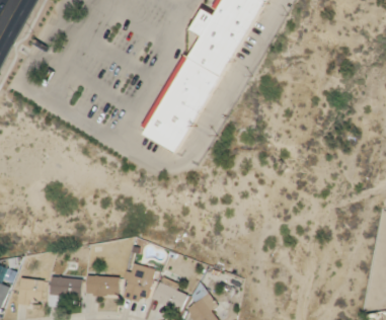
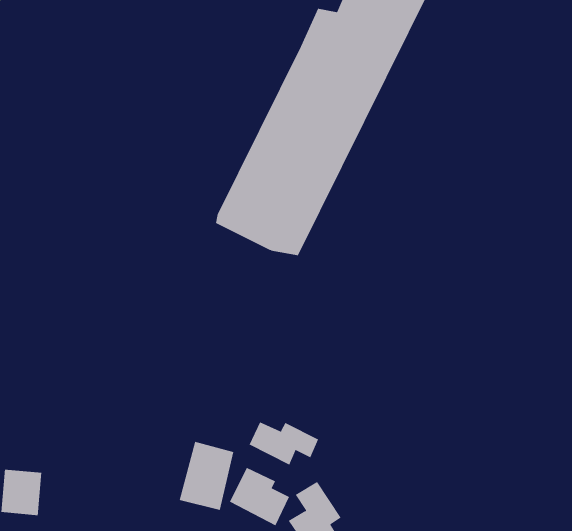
building: none -> [249,421,319,466]
building: [89,275,120,296] -> none
building: [51,276,83,307] -> none

